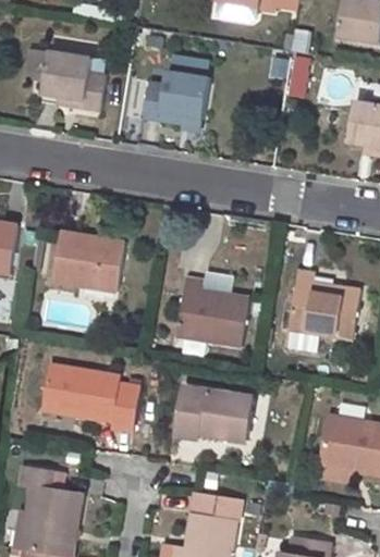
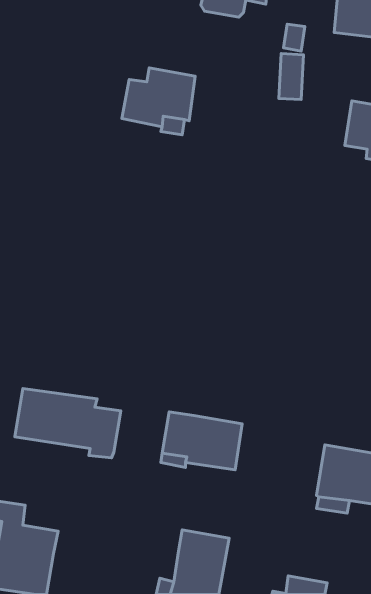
building: [41,49,106,110] -> none
building: [51,230,124,289] -> none
building: [287,269,359,338] -> none
building: [174,275,248,346] -> none

